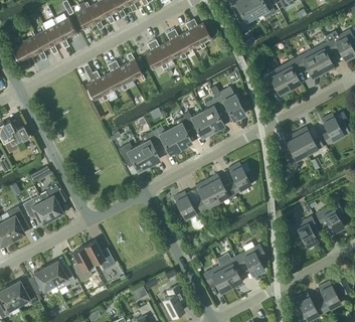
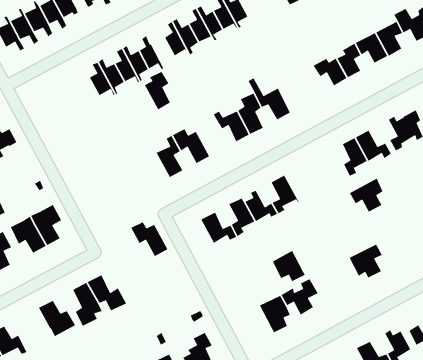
building: [170,117,191,148] -> [144,71,171,110]
building: [119,143,149,171] -> [130,221,169,257]
building: [316,202,344,233] -> [349,177,385,217]
building: [203,265,231,293] -> [272,250,308,286]
building: [29,267,55,295] -> none

